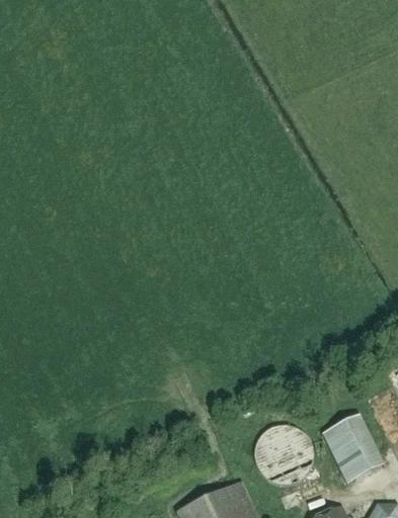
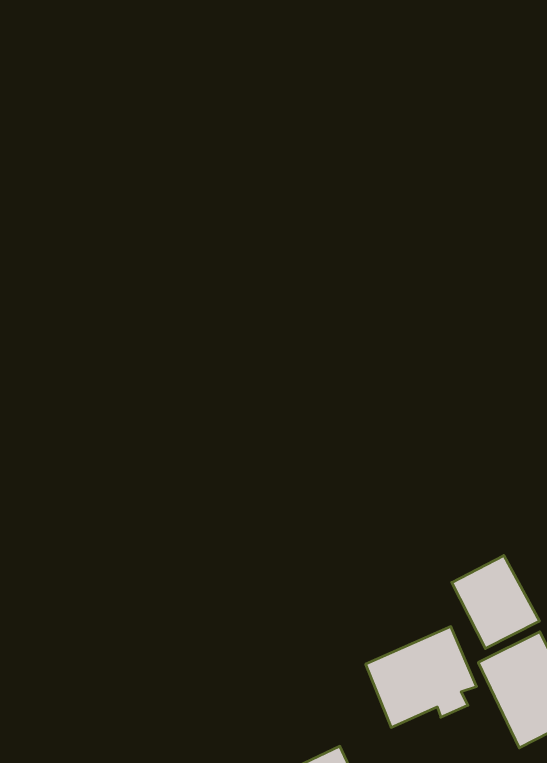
building: none -> [452,555,539,649]

